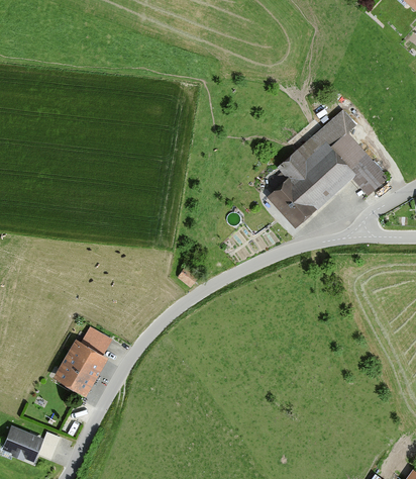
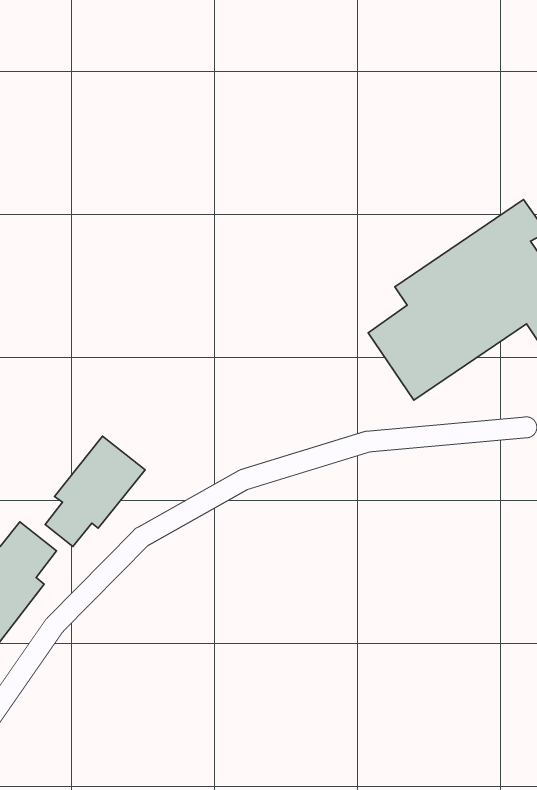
building: none -> [45,436,145,546]

